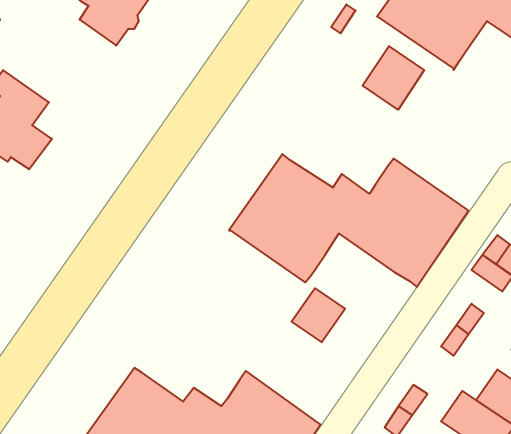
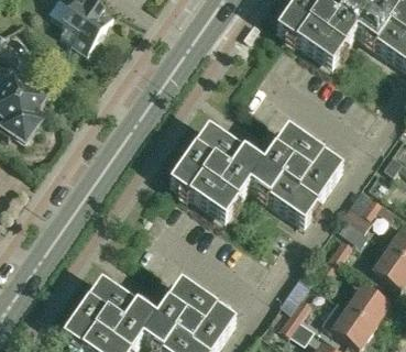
building: [363,46,424,110] -> none
building: [292,288,345,342] -> none

